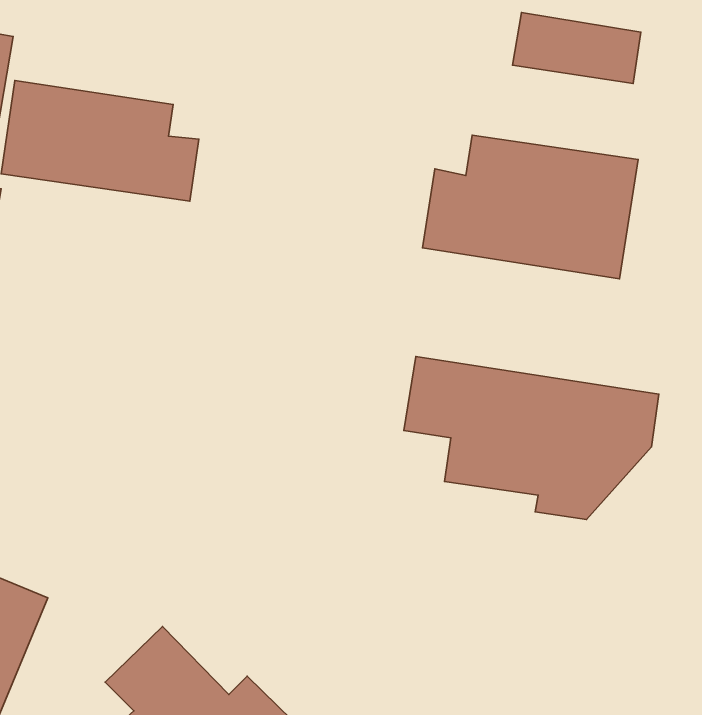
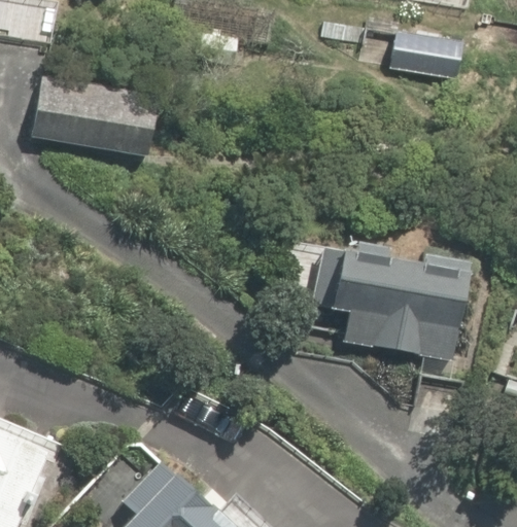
building: [423,135,638,279] -> none

